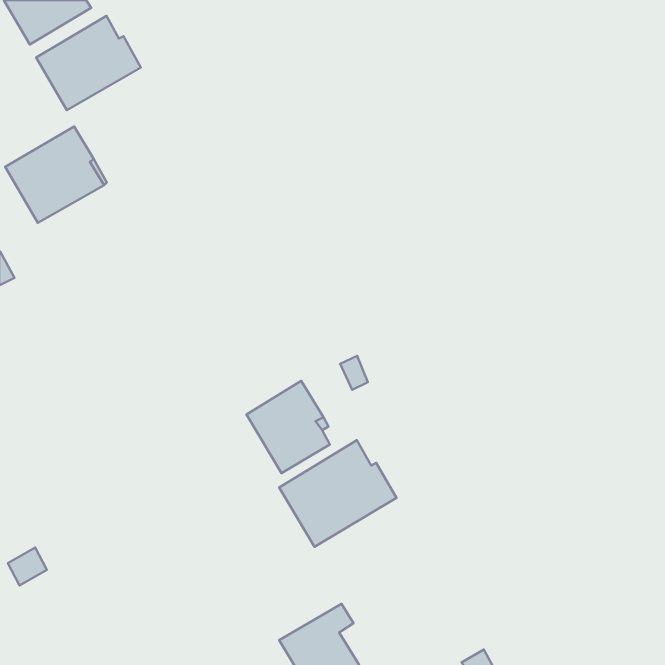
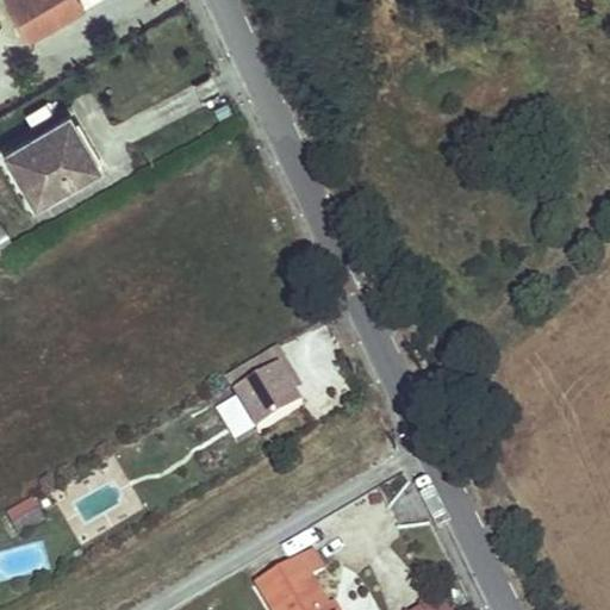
building: [36,16,141,110] -> none
building: [279,440,397,547] -> none

